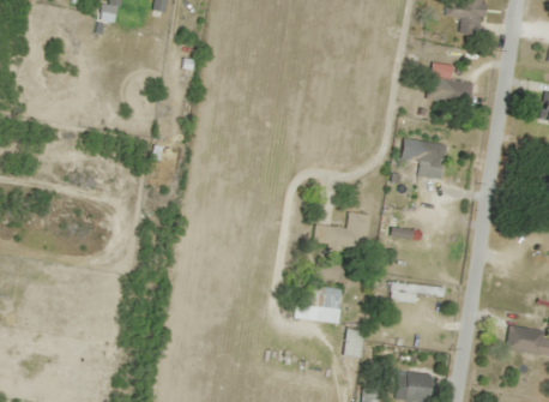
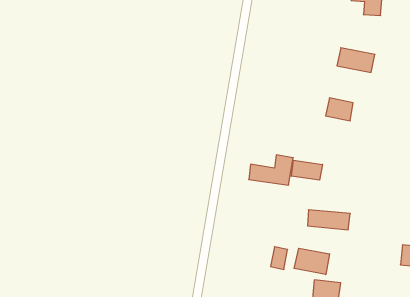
building: none -> [291,160,322,180]
building: [308,288,340,308] -> none
building: none -> [294,248,329,275]

